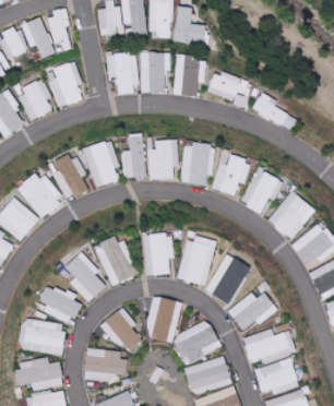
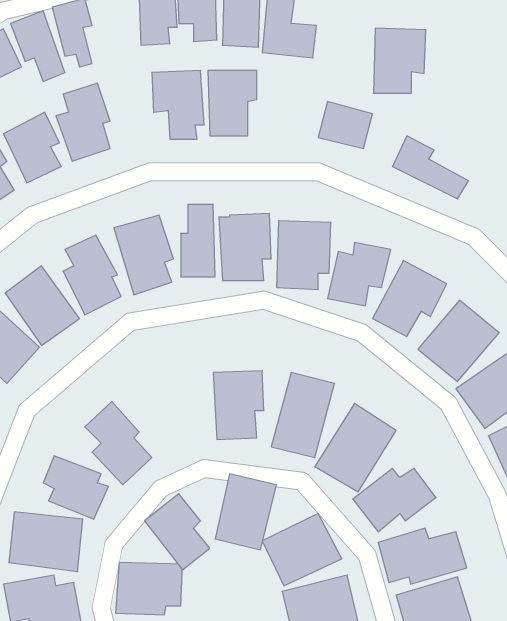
building: [174,55,205,94] -> [373,28,426,93]
building: [95,232,136,285] -> none

